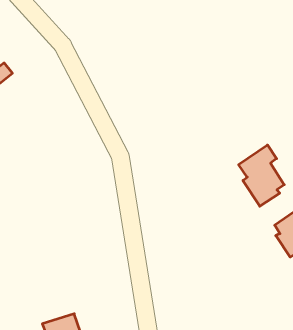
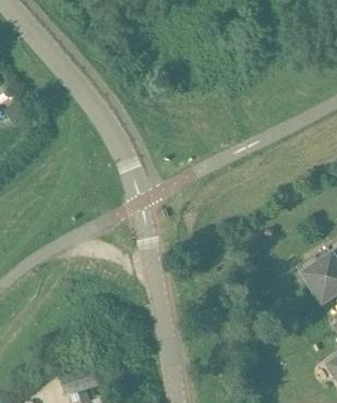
building: [239,145,284,206] -> none

